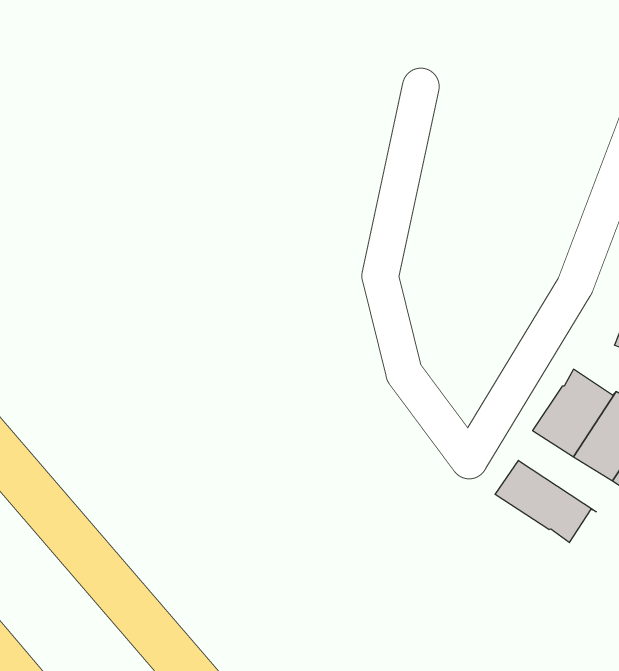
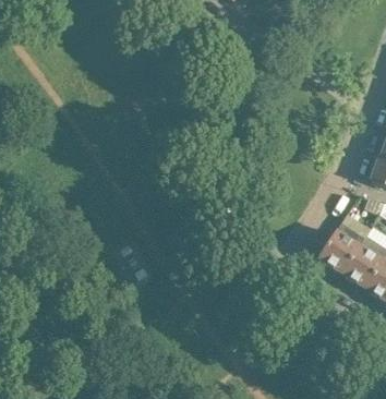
building: [495,460,596,543] -> none

